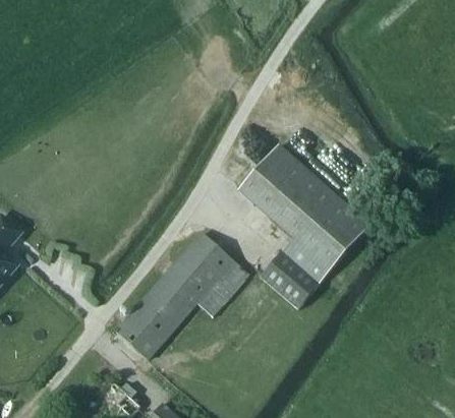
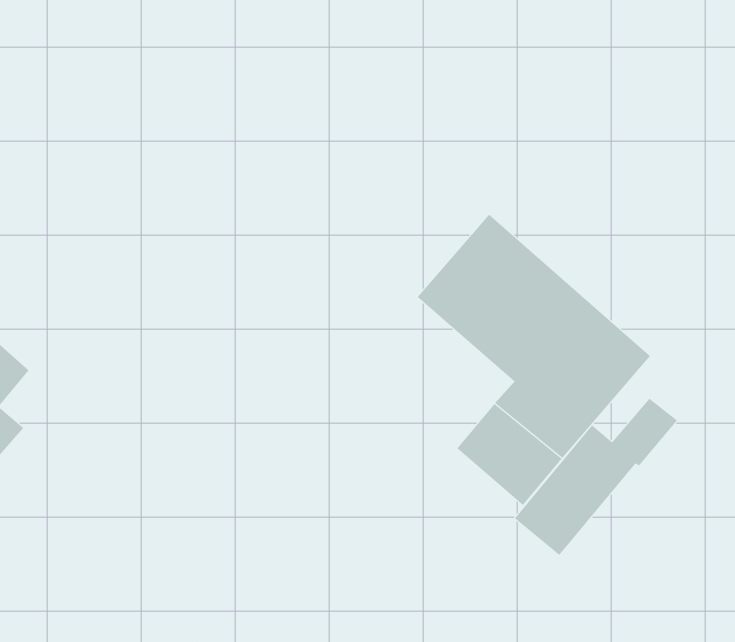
building: [115,232,249,359] -> none
building: none -> [514,398,678,556]

